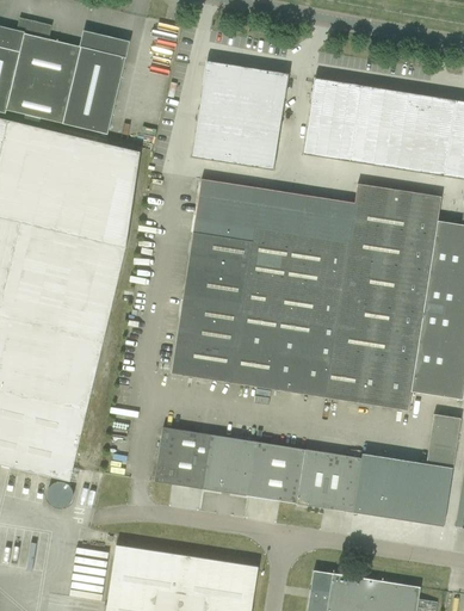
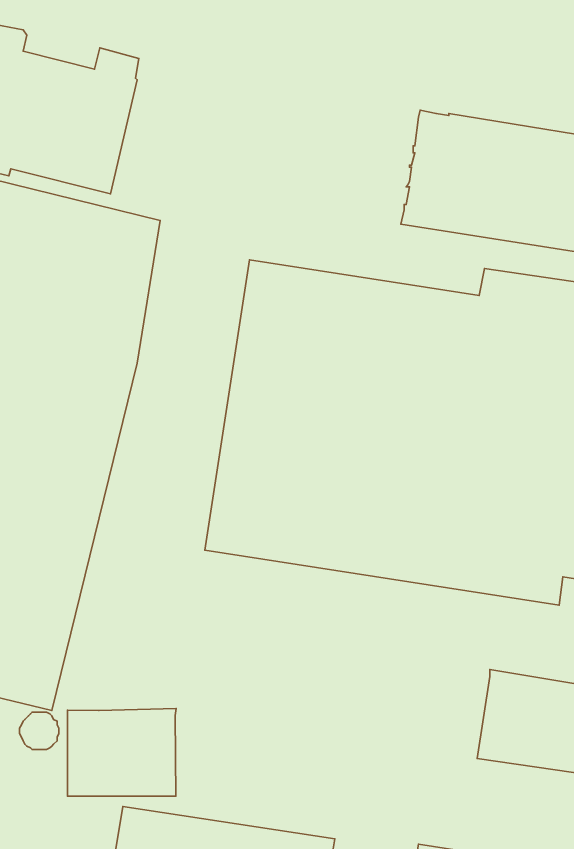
building: [191,61,289,169] -> none
building: [154,426,361,512] -> none
building: none -> [67,709,176,796]

